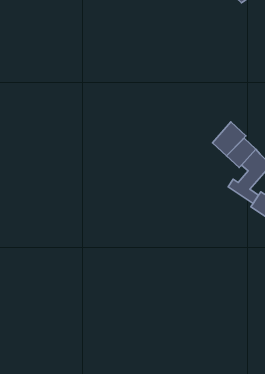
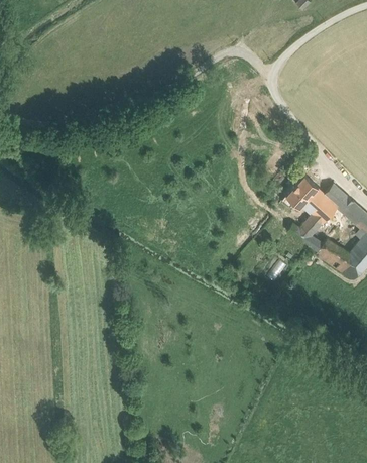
building: [213,122,246,156] -> none

